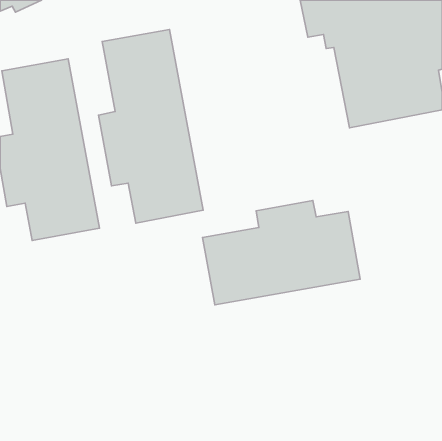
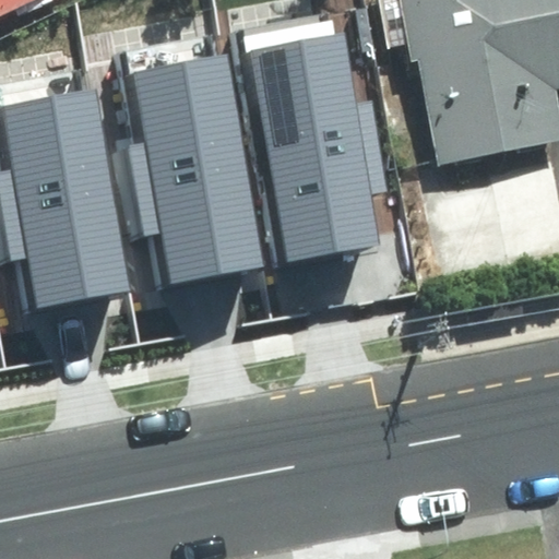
building: none -> [250,17,388,262]
building: [203,200,360,305] -> none

